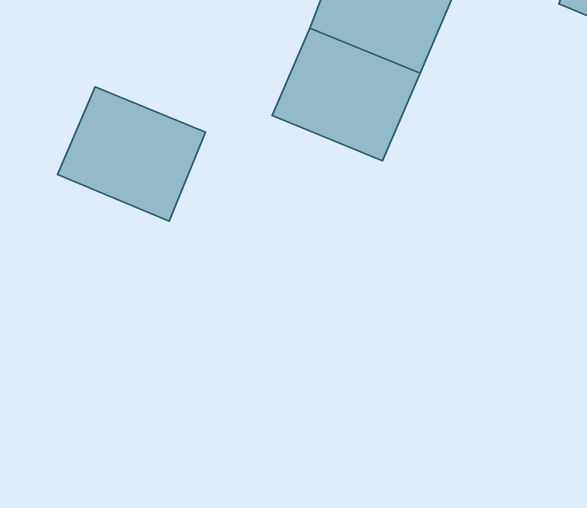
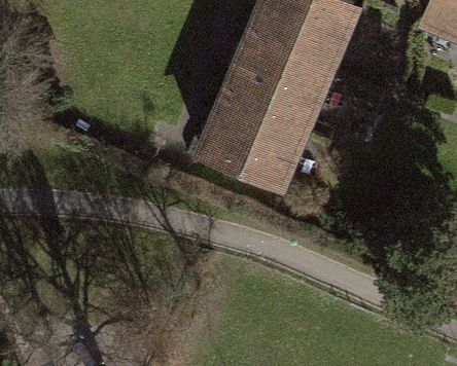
building: [58,87,205,221] -> [203,93,304,184]

